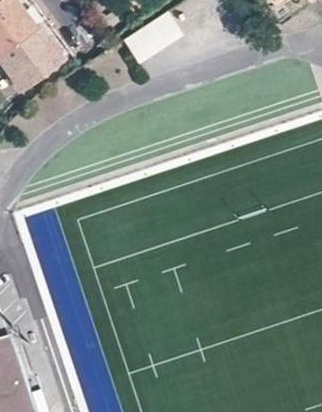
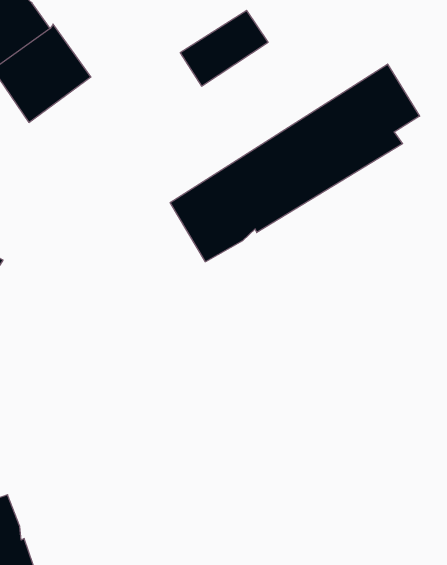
building: none -> [170,64,420,262]

